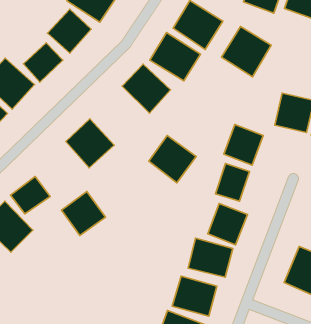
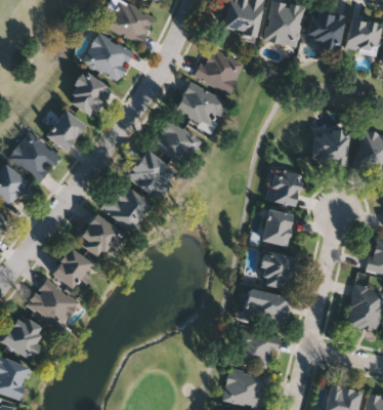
building: [221,27,271,77] -> none
building: [149,136,196,183] -> [128,151,176,198]
building: [61,192,105,236] -> [78,214,124,260]

